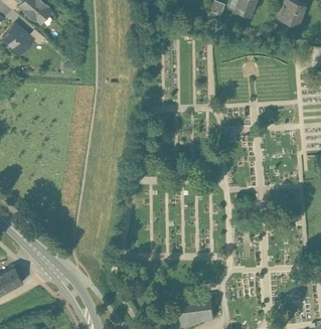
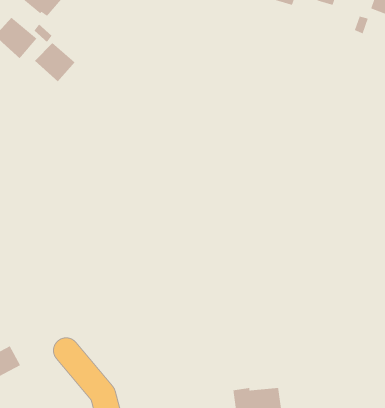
building: none -> [34,42,76,82]

